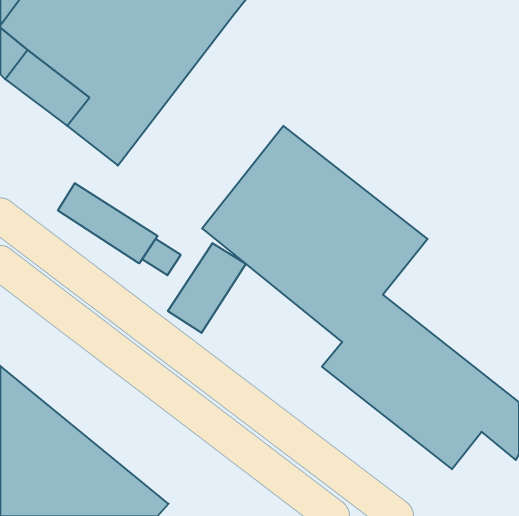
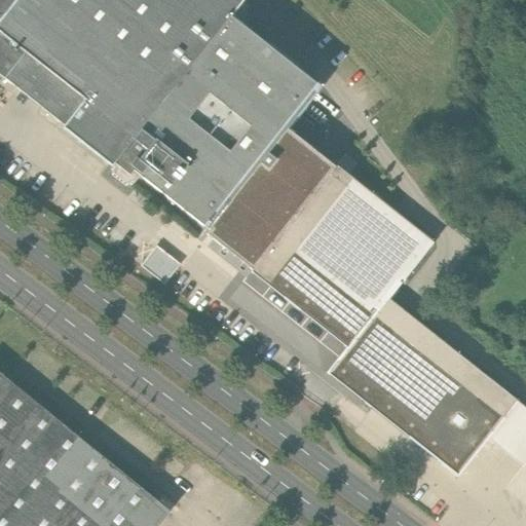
building: none -> [119,16,320,231]
building: [58,183,157,263] -> none
building: [168,243,246,333] -> none

